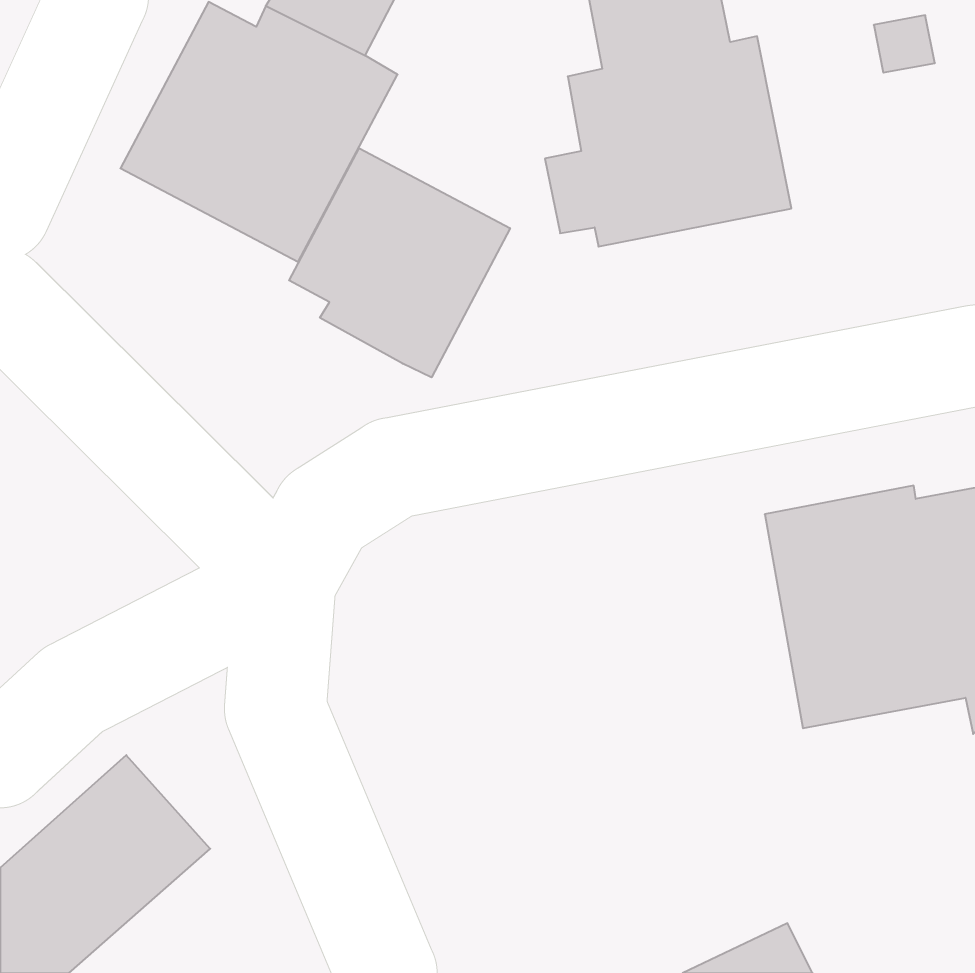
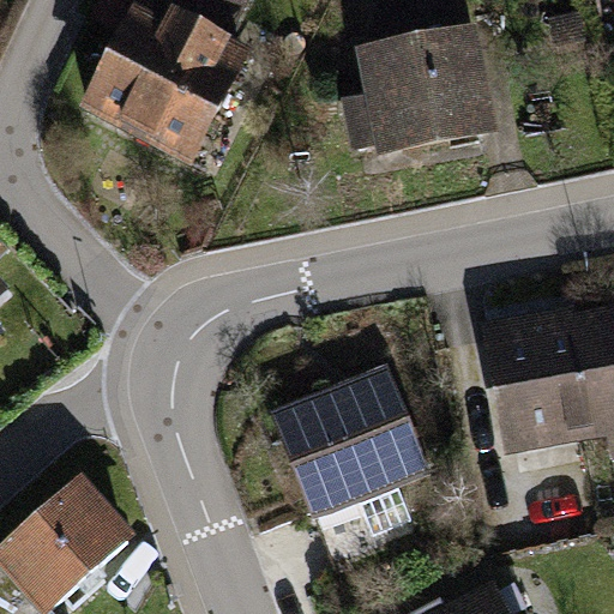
building: [289,148,510,377] -> none
building: none -> [269,363,431,532]

